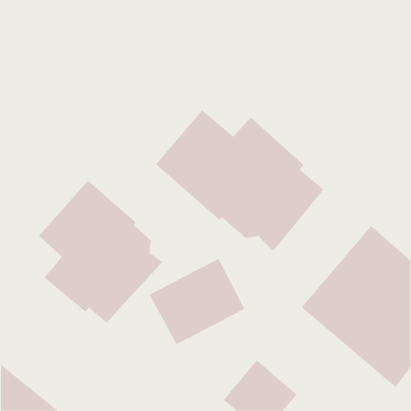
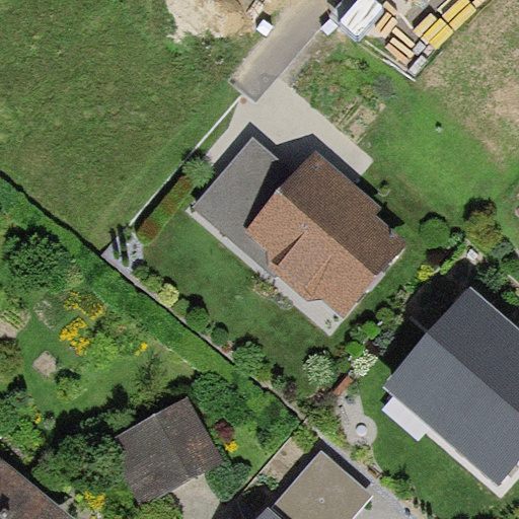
building: [38,180,163,323] -> none
building: [149,258,245,345] -> [98,401,220,511]

